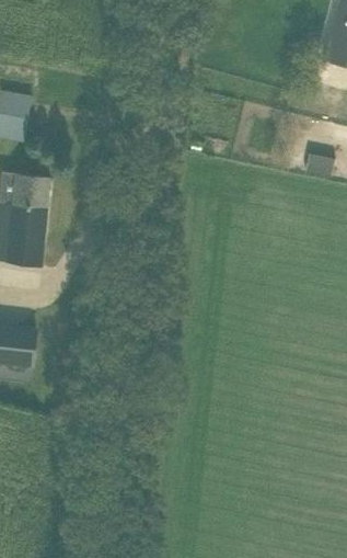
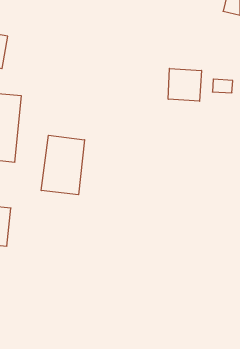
building: none -> [168,68,201,101]
building: none -> [41,135,85,195]

